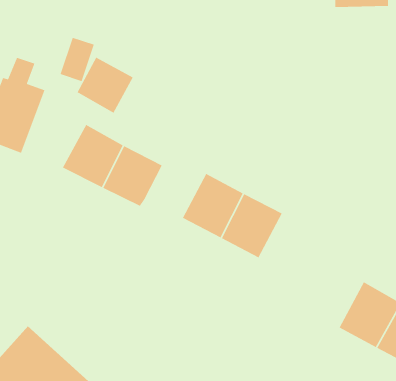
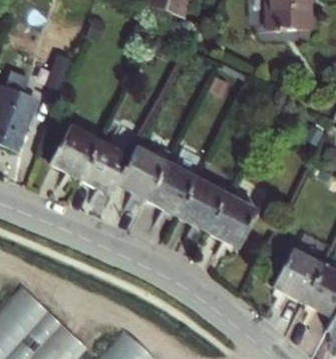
building: [77,57,134,114] -> none
building: none -> [118,146,166,199]
building: none -> [209,195,258,247]

